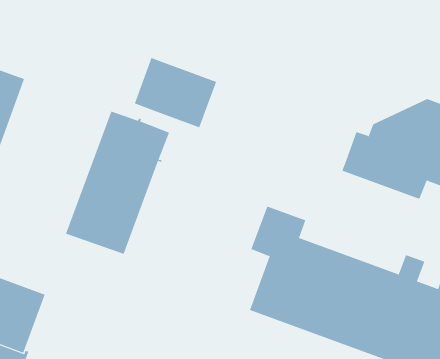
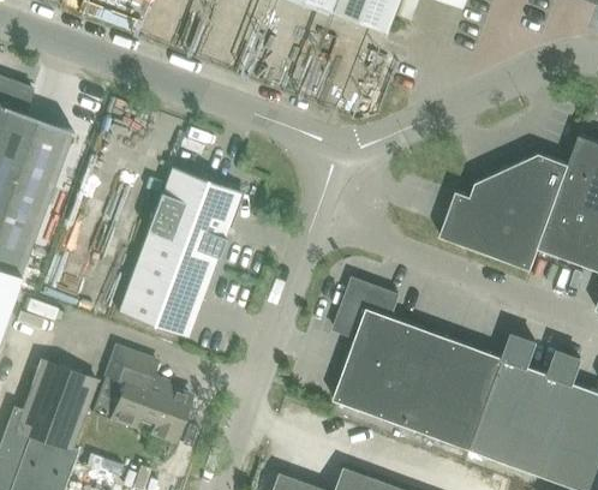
building: [134,57,217,128] -> none
building: none -> [92,348,190,440]

